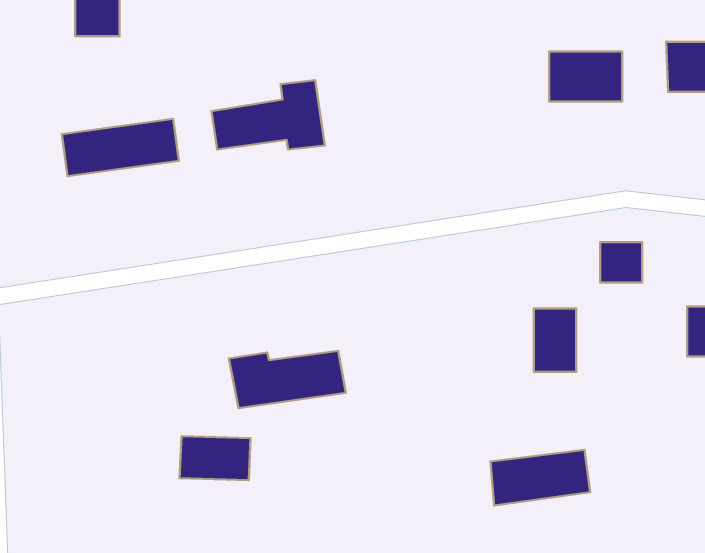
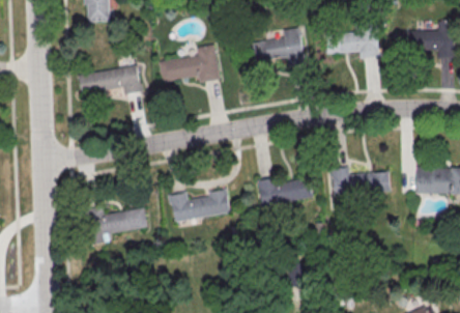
building: none -> [258,30,305,65]
building: [600,242,642,282] -> [367,173,390,195]
building: [180,436,251,480] -> [93,210,132,234]
building: [490,450,590,506] -> [259,176,313,206]

